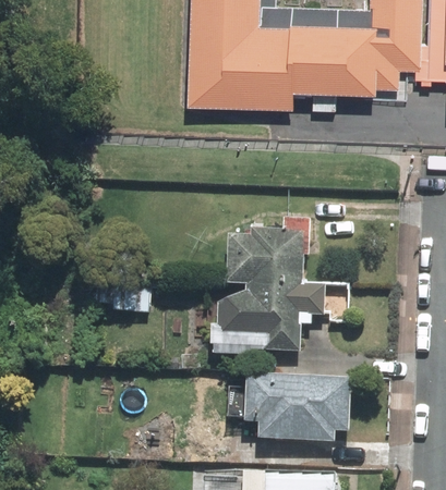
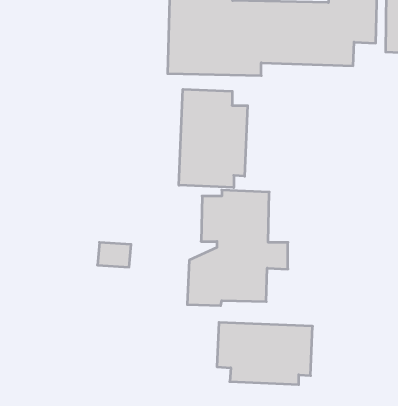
building: none -> [179,89,248,188]

